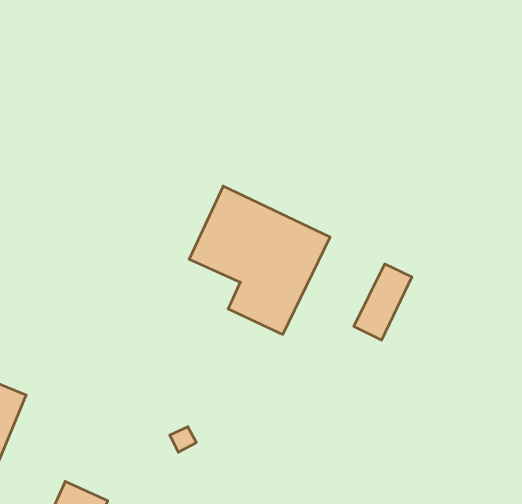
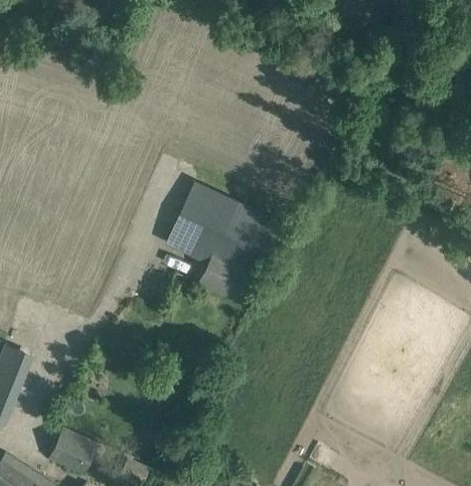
building: [354,264,412,340] -> none

